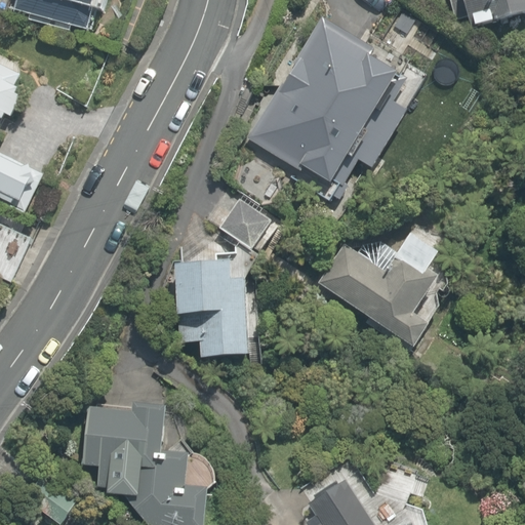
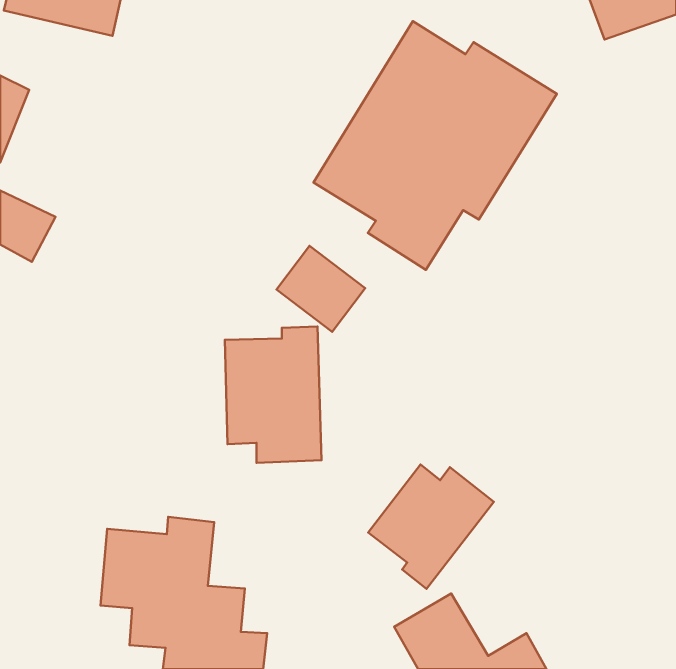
building: [316,227,451,355] -> none
building: none -> [368,464,494,589]

